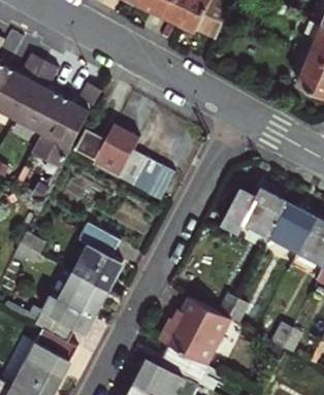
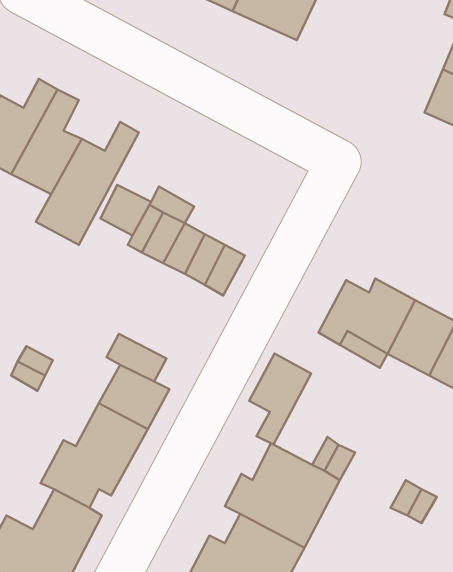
building: none -> [249,353,311,445]

